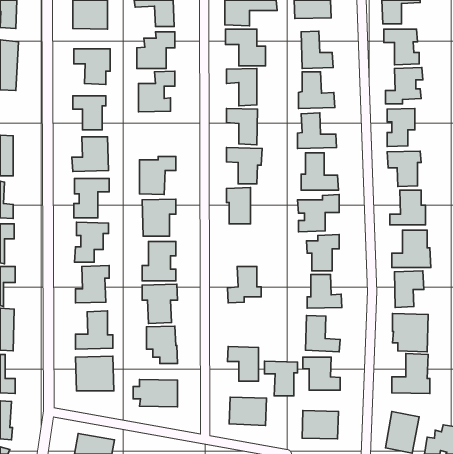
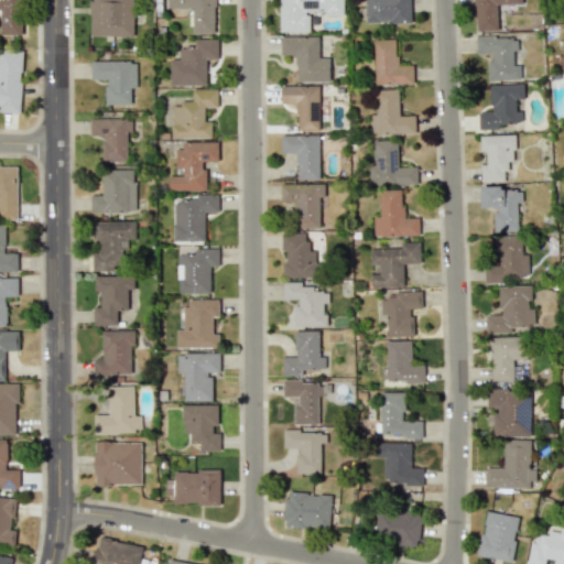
building: none -> [169,143,219,191]
building: none -> [283,281,328,326]
building: [265,361,297,396] -> [283,381,324,424]

